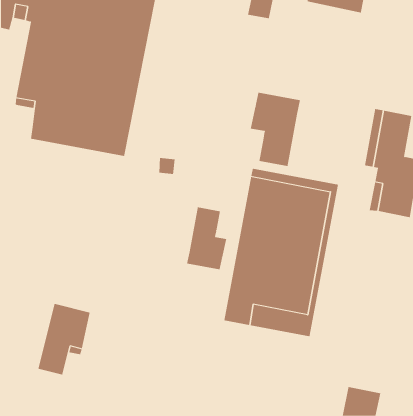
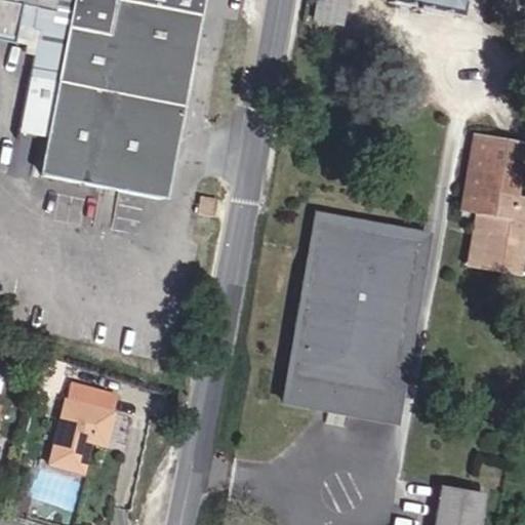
building: [250,92,300,167] -> none
building: [187,207,227,270] -> none

